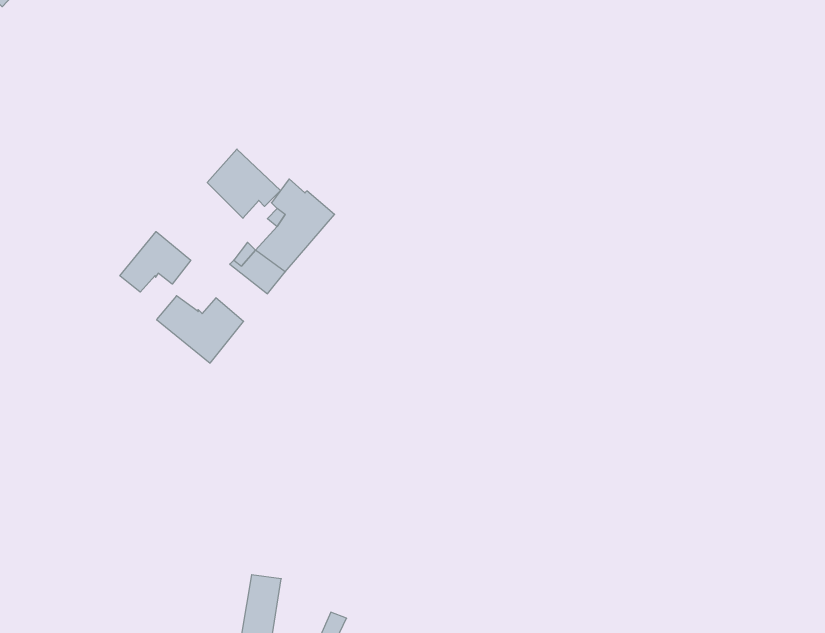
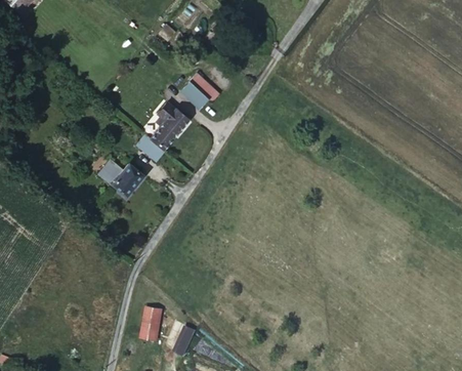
building: [207,149,280,218] -> [179,73,217,109]
building: [120,232,191,292] -> none

